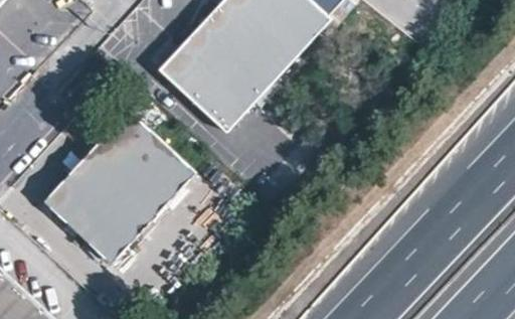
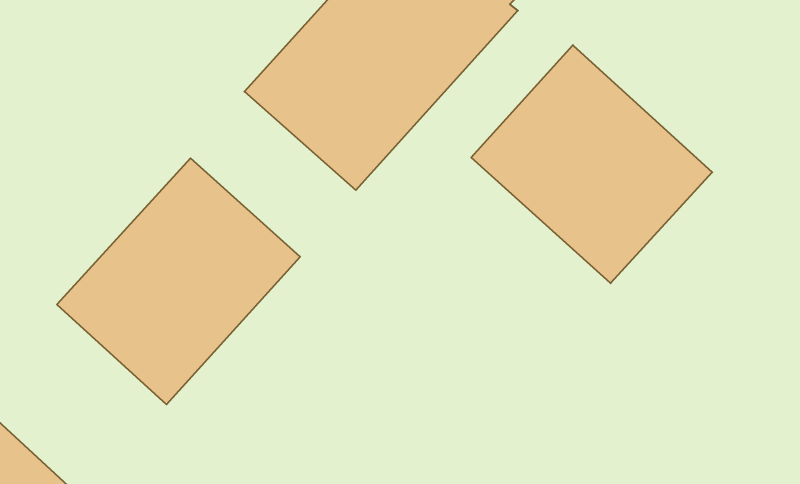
building: none -> [471,45,712,283]

